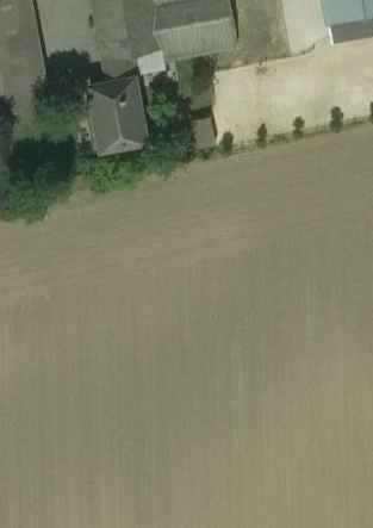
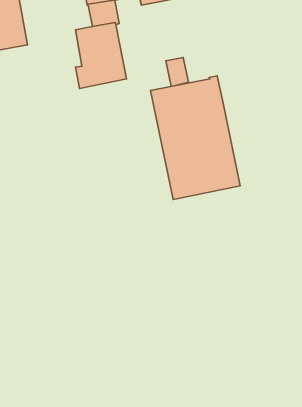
building: none -> [151,76,240,199]

